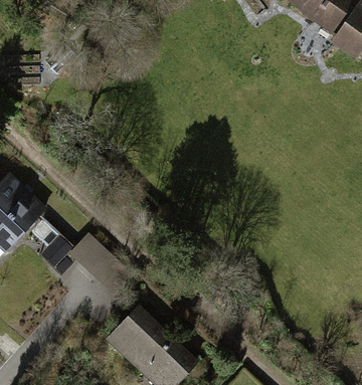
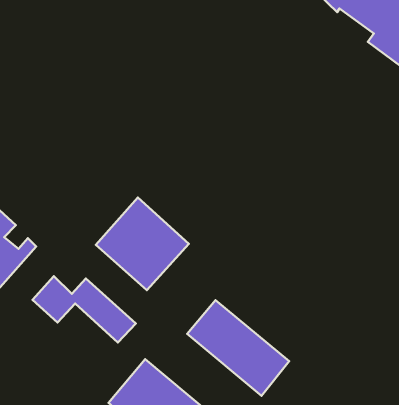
building: none -> [96,197,189,290]
building: none -> [187,300,289,396]

